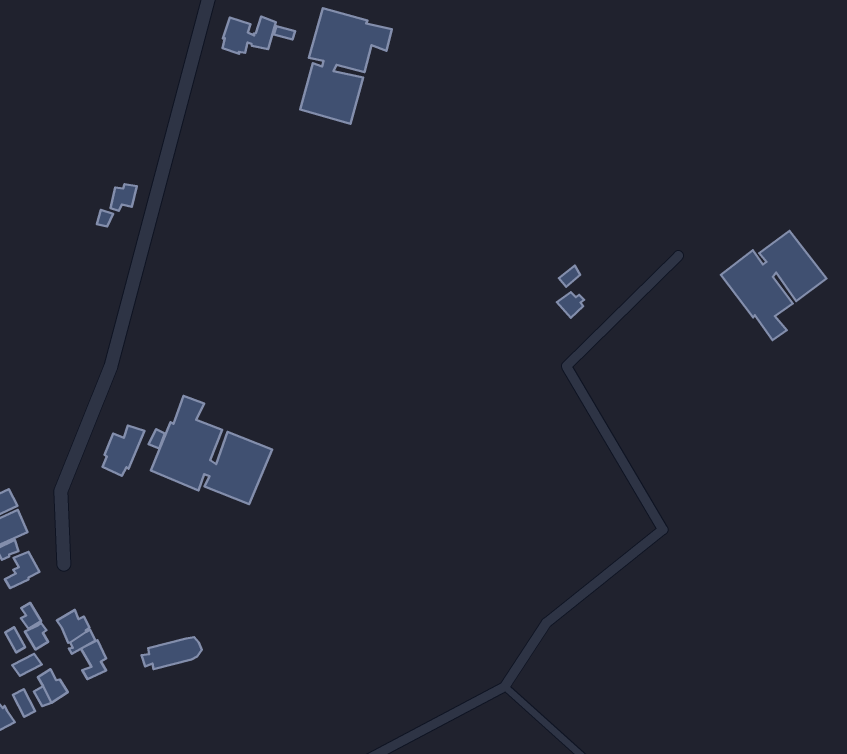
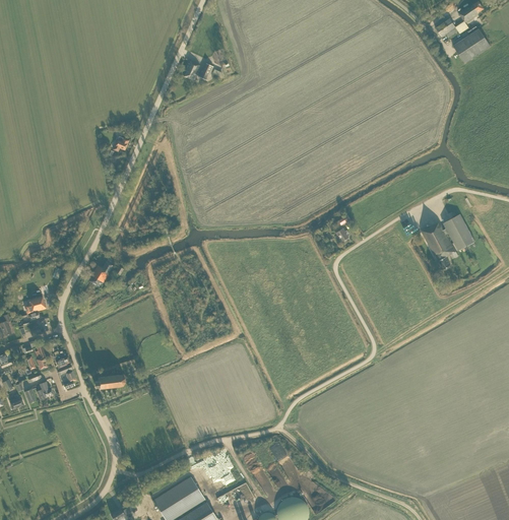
building: [300,8,392,124] -> none
building: [151,396,272,504] -> none

